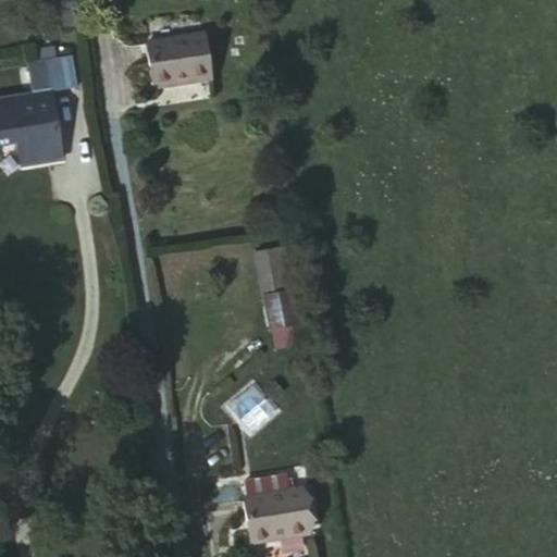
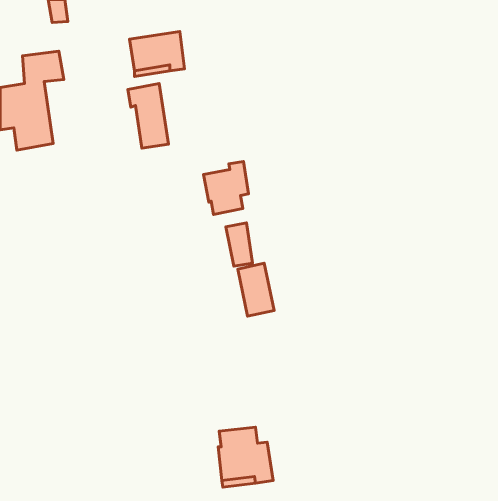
building: none -> [128,83,169,148]
building: none -> [203,162,248,214]

